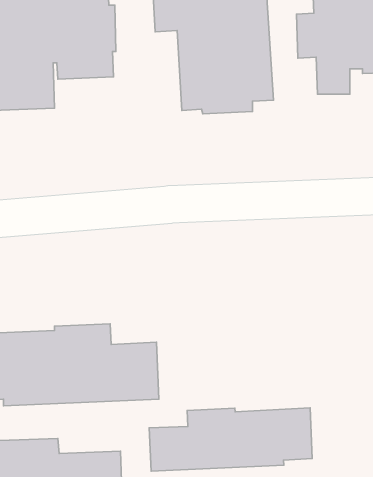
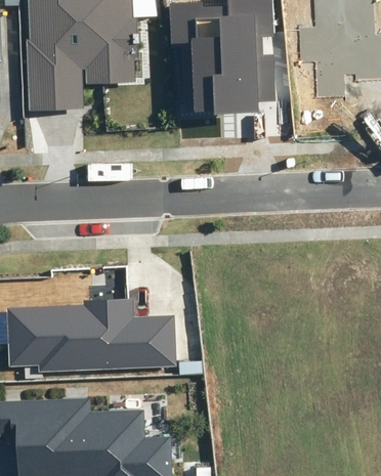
building: [149,408,312,471] -> none

